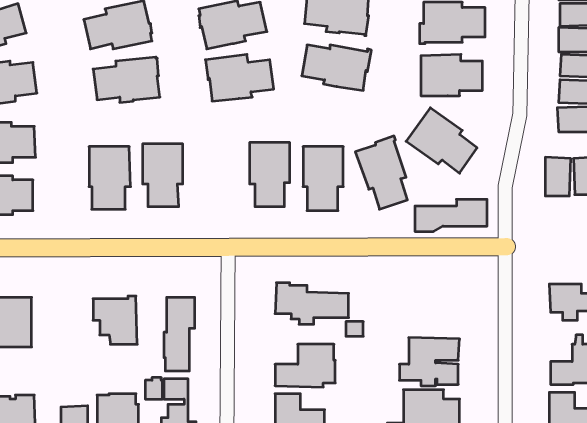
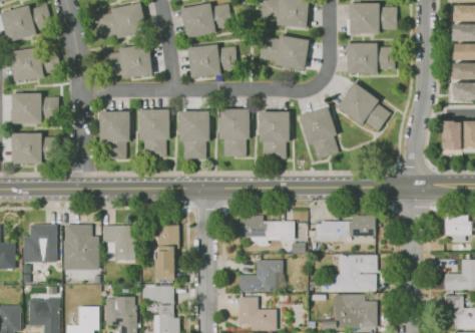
building: none -> [179,110,209,158]
building: [415,199,487,231] -> [321,216,375,240]
building: none -> [63,225,98,270]

